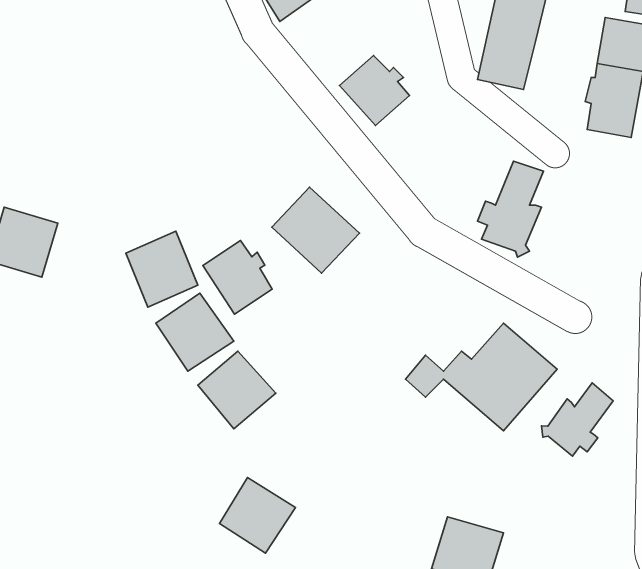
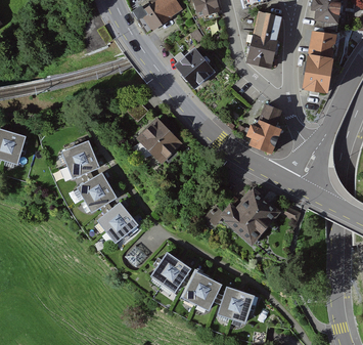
building: [203,241,272,314] -> none
building: [542,383,613,456] -> none
building: [220,477,295,553] -> [156,252,195,291]
building: none -> [188,271,227,309]

